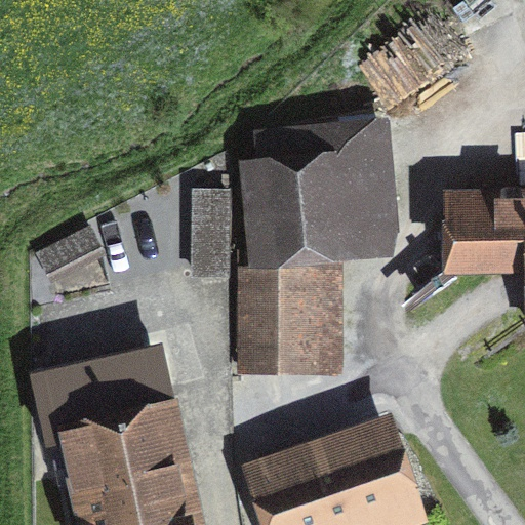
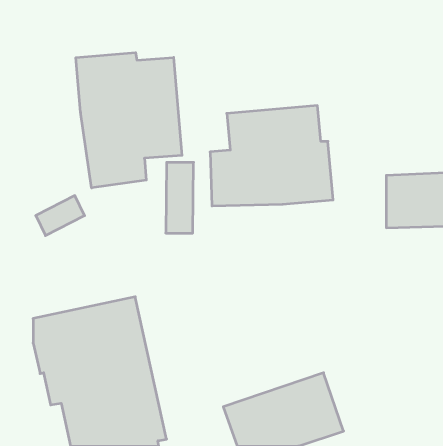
building: none -> [76,53,182,188]
building: [252,240,339,363] -> none

